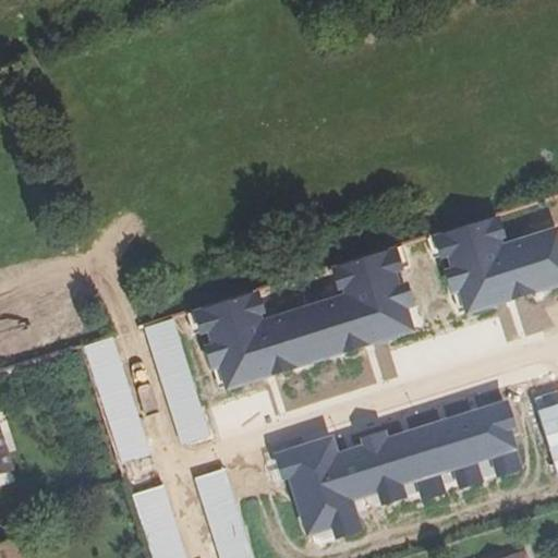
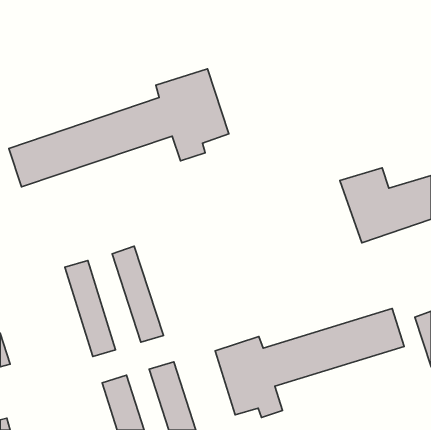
building: none -> [9,69,229,187]
building: [199,250,415,390] -> none

